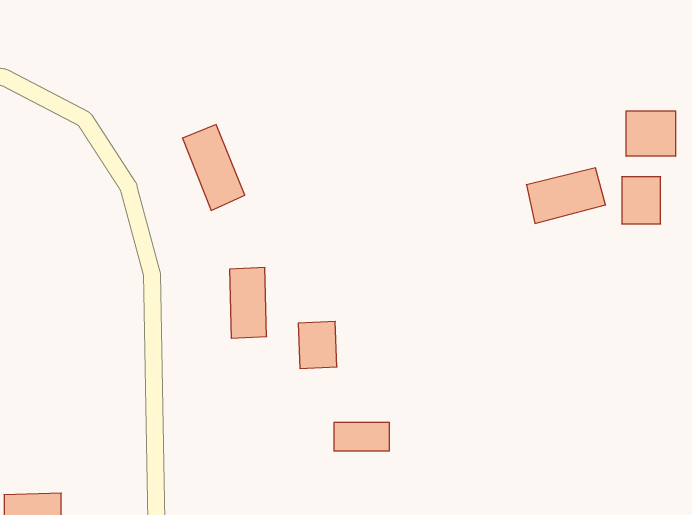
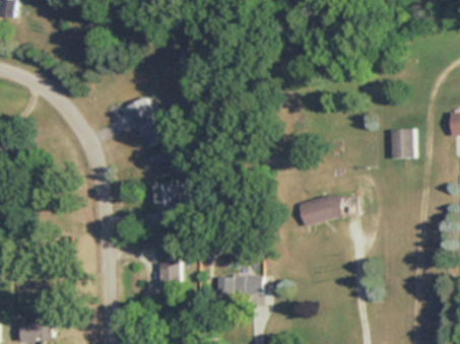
building: [626,111,676,156] -> none
building: [526,168,606,223] -> [297,192,344,225]
building: [298,321,337,369] -> [157,262,181,290]

